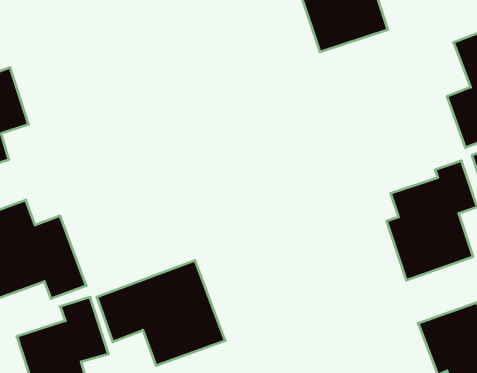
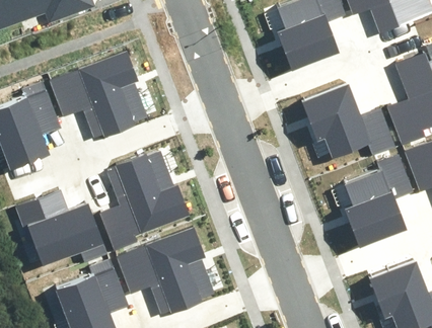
building: none -> [55,56,154,137]
building: none -> [300,83,391,155]
building: none -> [100,160,187,248]

